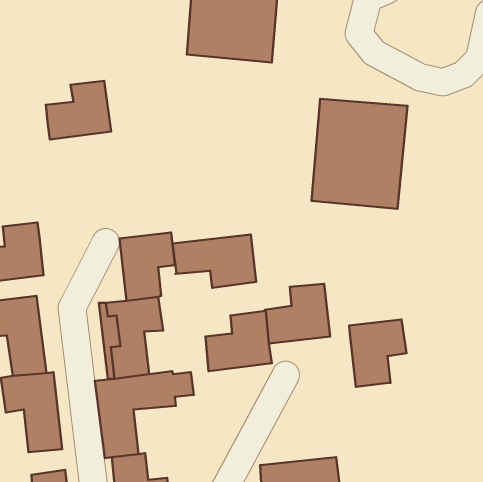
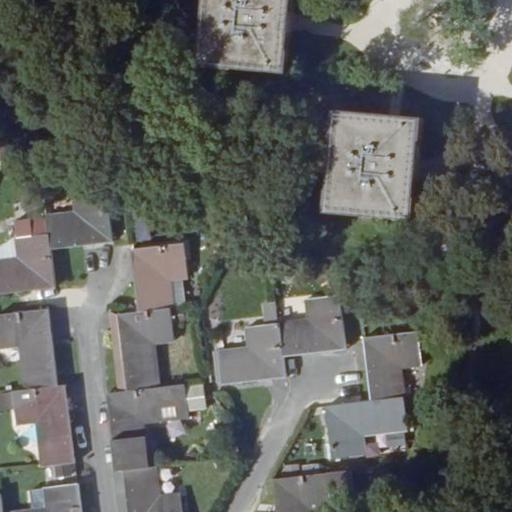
building: [46,81,111,139] -> [46,190,112,249]
building: [172,234,256,288] -> none
building: none -> [325,396,407,459]

